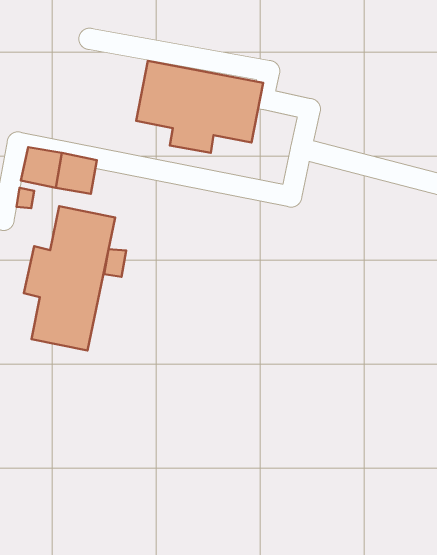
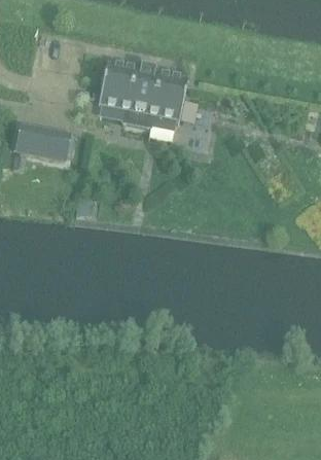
building: [24,206,115,351] -> none

